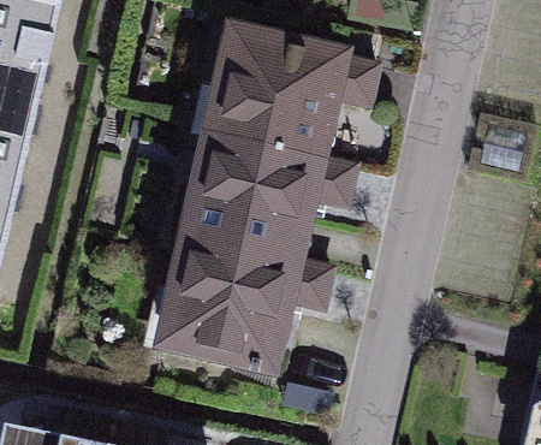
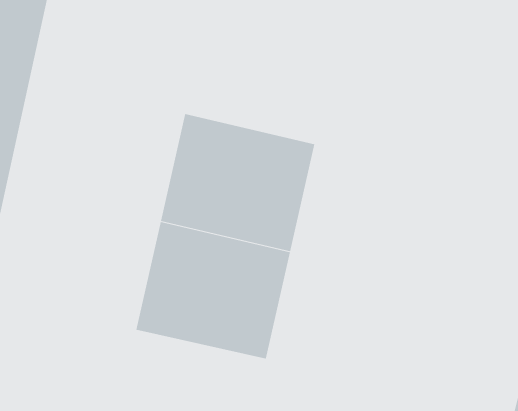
building: [198,23,352,159] -> none

